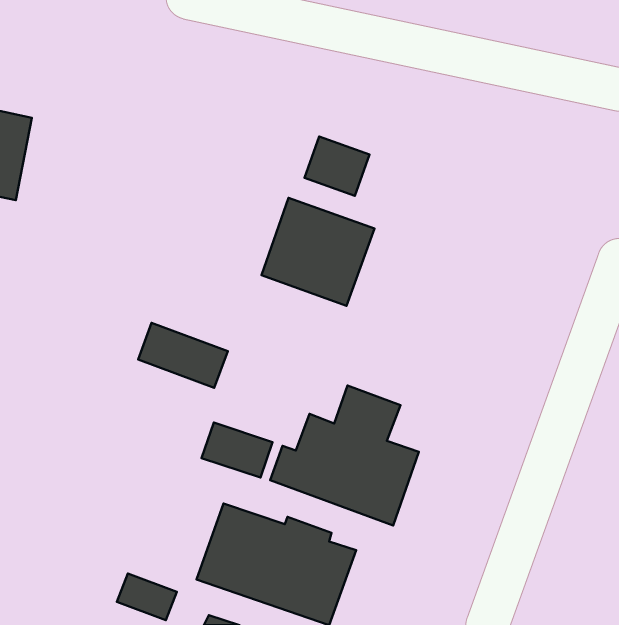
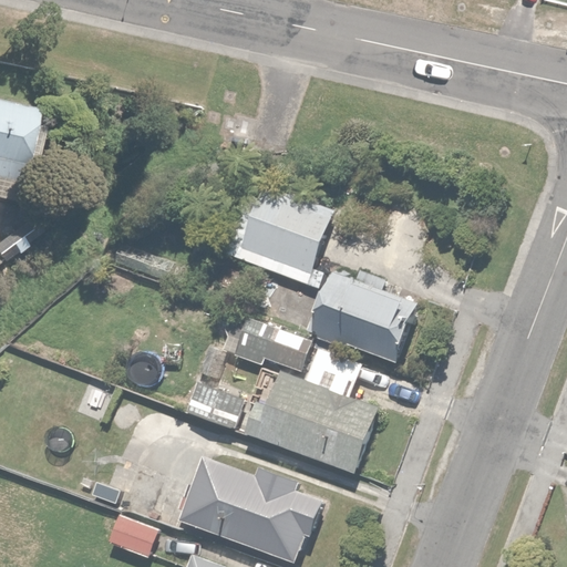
building: [305,136,369,196] -> none
building: none -> [310,274,420,367]
building: [138,323,228,388] -> [230,317,311,375]

